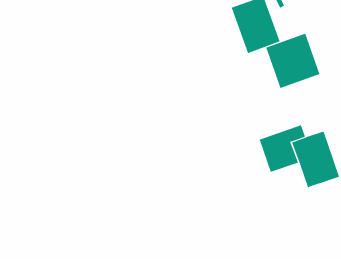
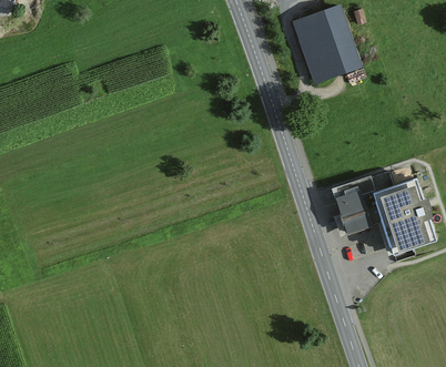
building: [266,33,320,89] -> none

